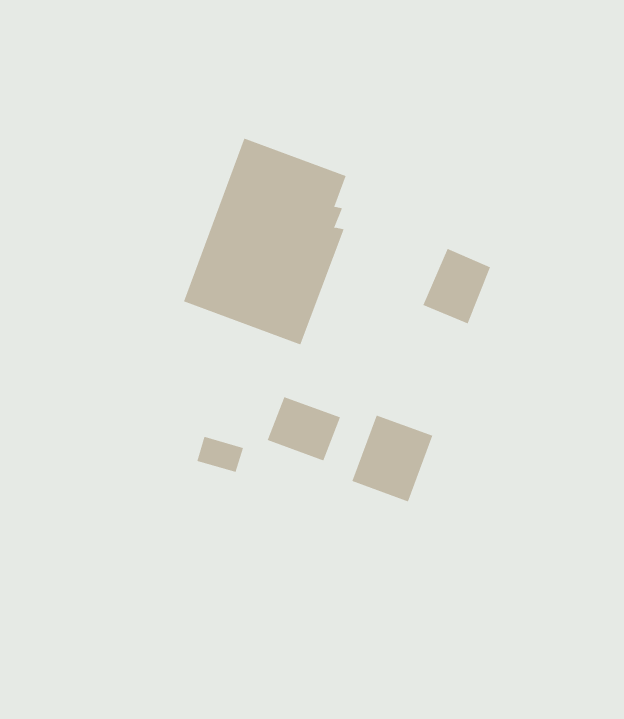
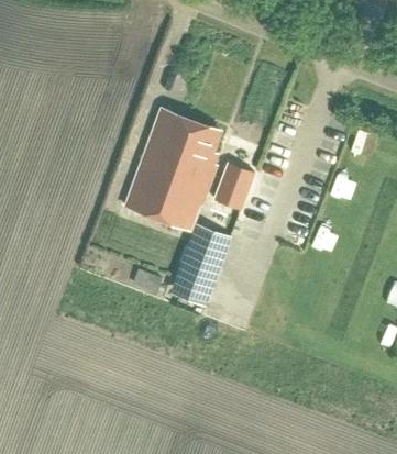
building: [422,248,491,324] -> [213,166,253,210]
building: [351,415,433,502] -> [183,222,230,273]

